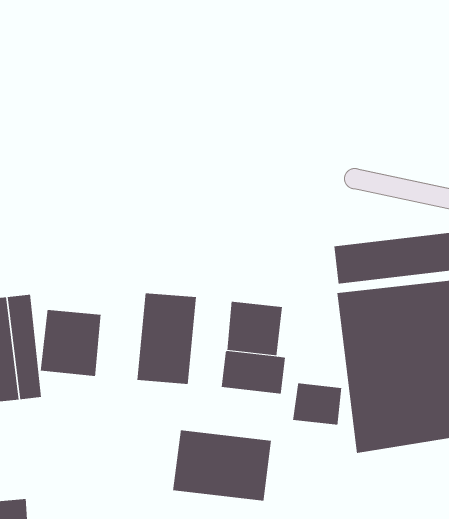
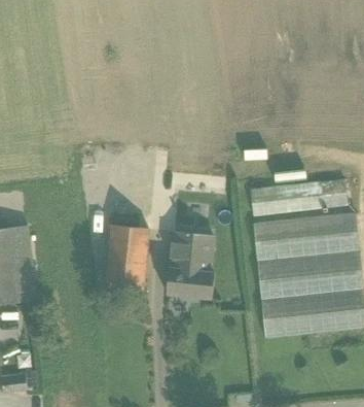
building: [40,309,101,377] -> none
building: [292,382,342,426] -> none
building: [172,430,272,502] -> none

